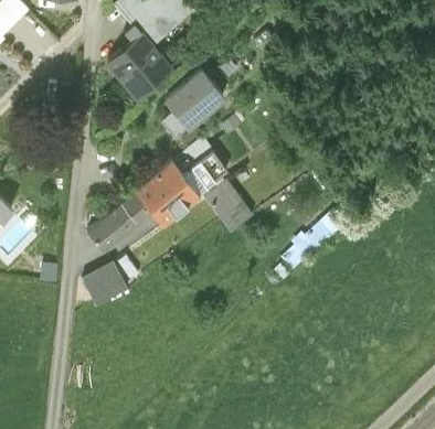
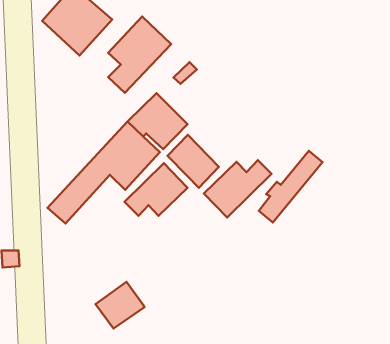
building: none -> [125,163,188,216]
building: none -> [204,160,271,217]
building: [83,264,127,304] -> [96,282,145,328]

